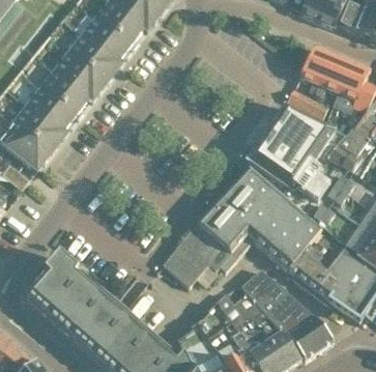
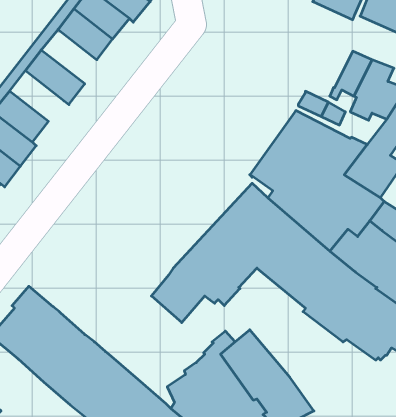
building: [69,35,121,82] -> none
building: [301,47,336,85] -> none
building: [42,70,89,114] -> none
building: [241,268,335,362] -> none

